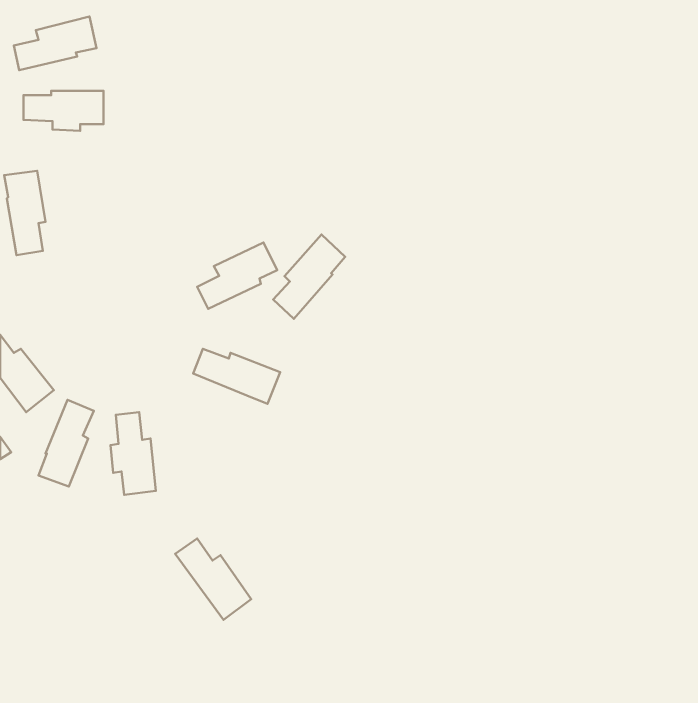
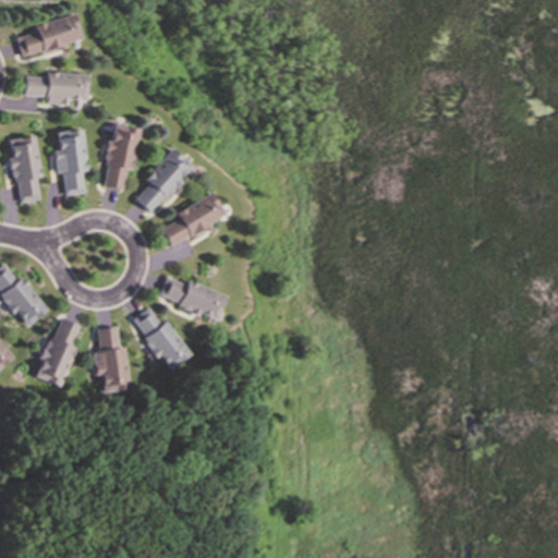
building: none -> [101,124,140,190]
building: none -> [53,129,87,195]
building: [273,235,345,319] -> [135,147,192,214]
building: [175,539,251,620] -> [131,307,191,372]

